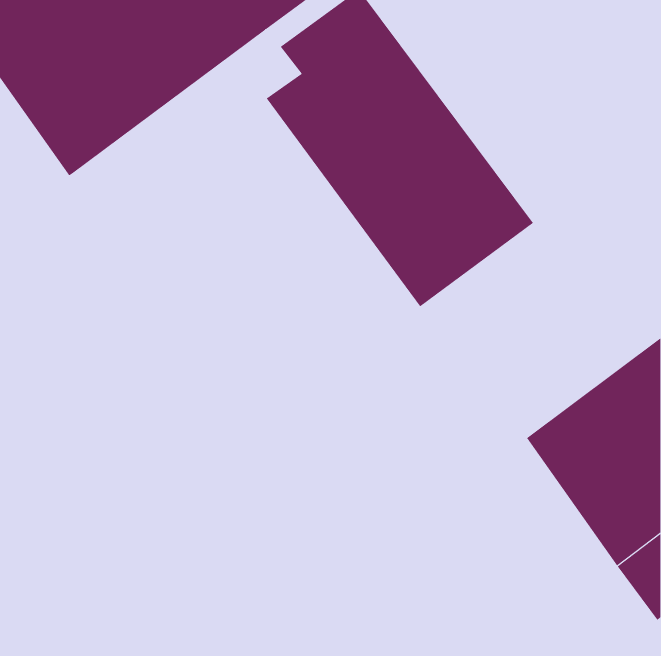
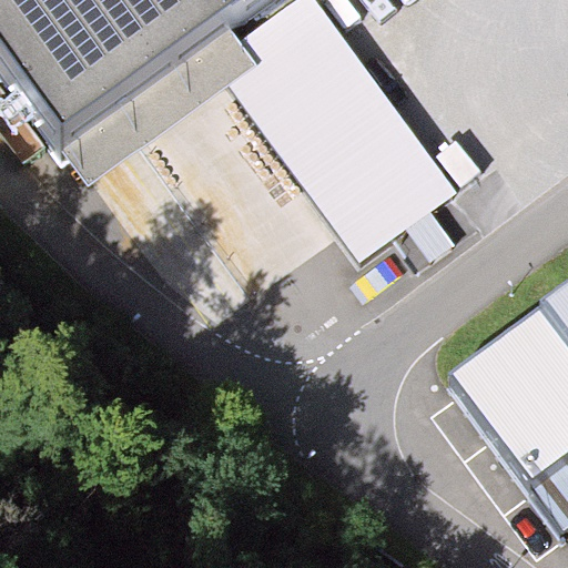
building: none -> [62,26,257,187]

